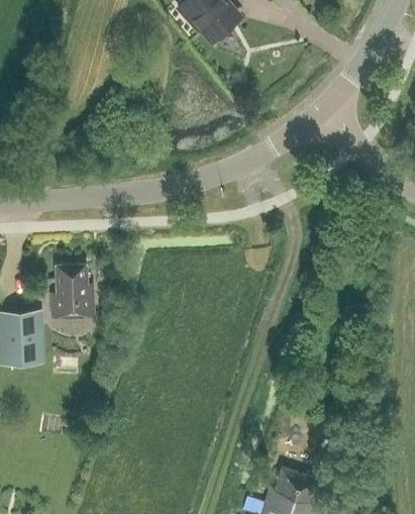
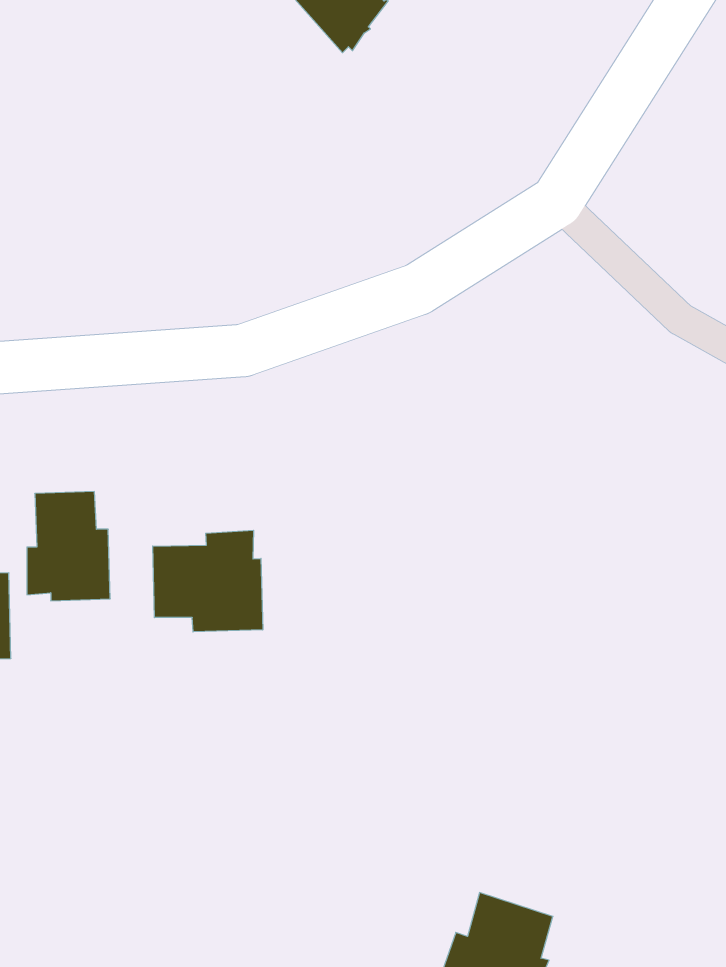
building: none -> [153,530,263,632]

